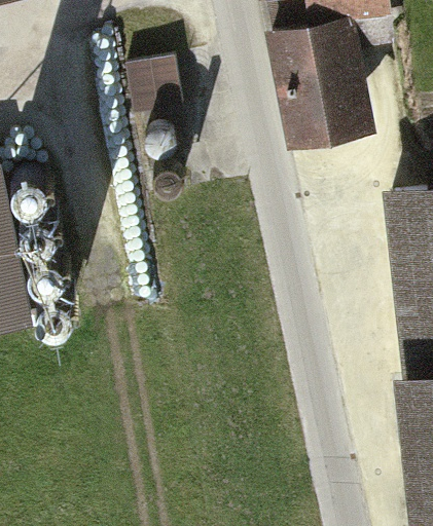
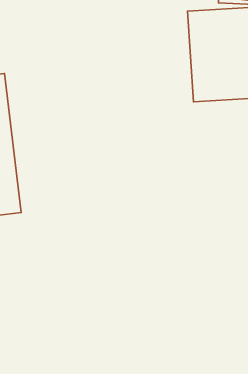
building: [127,60,193,127] -> none

